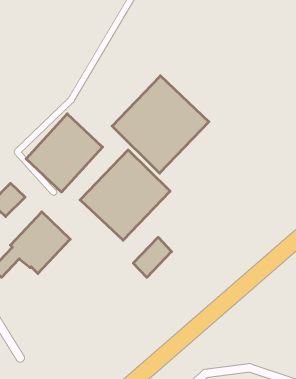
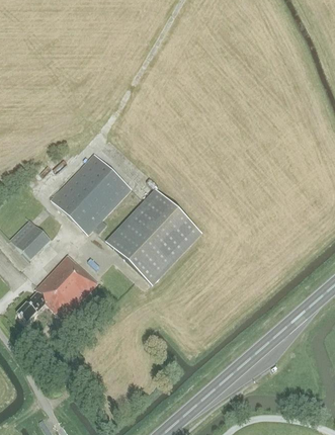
building: [112,76,209,173] -> none
building: [133,237,172,277] -> none

